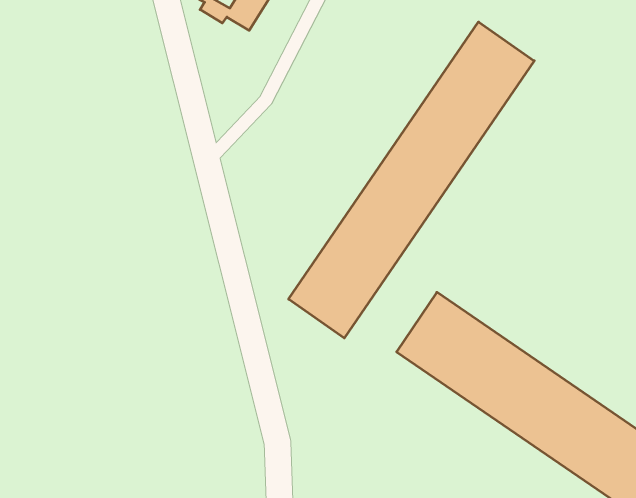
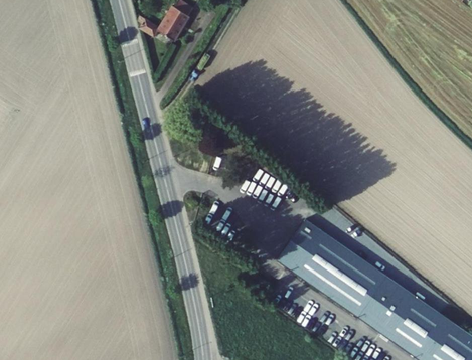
building: [289,22,534,338] -> none

